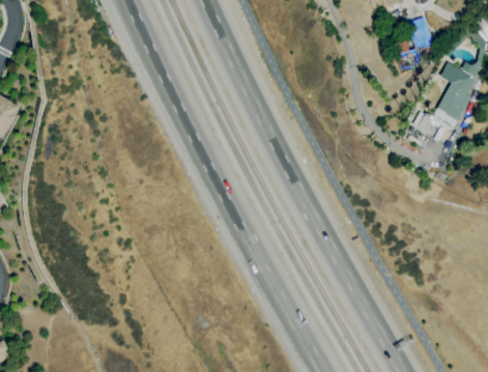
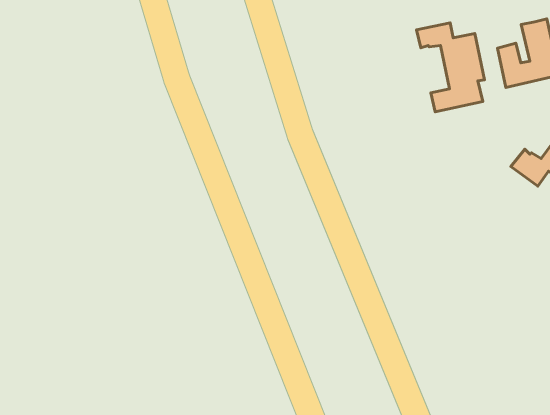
building: none -> [416,23,484,112]

